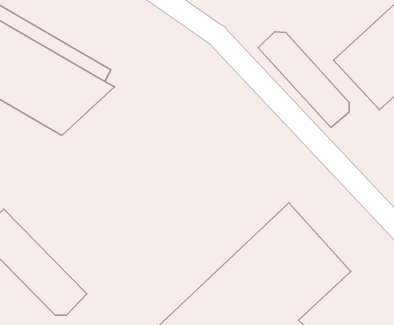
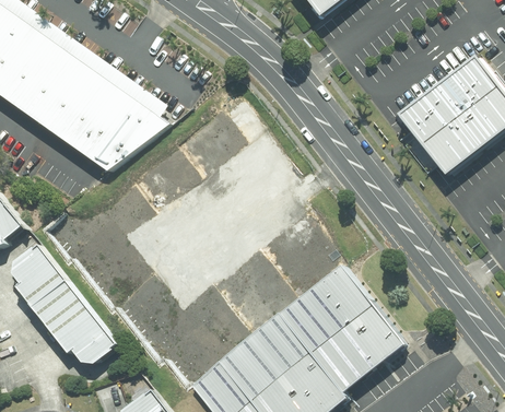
building: [258,32,349,128] -> none

